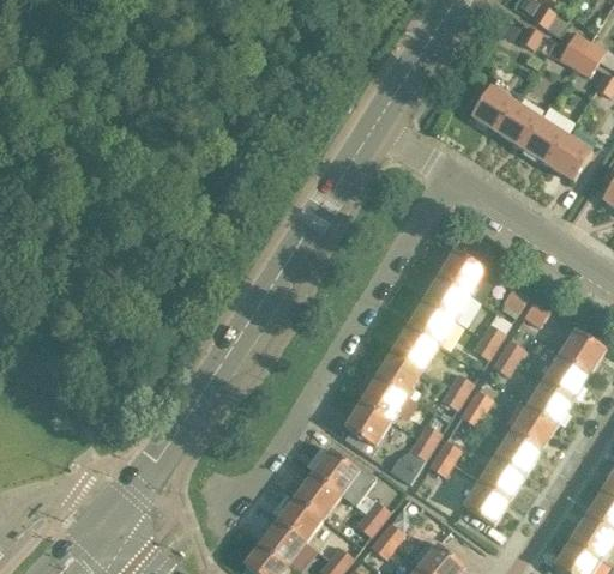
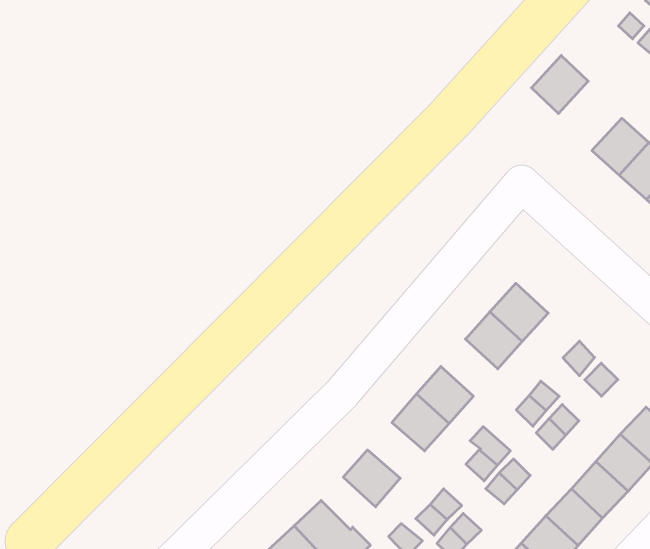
building: [471,85,516,132] -> [531,55,588,114]
building: [407,300,452,344] -> none
building: [360,376,405,419] -> none

